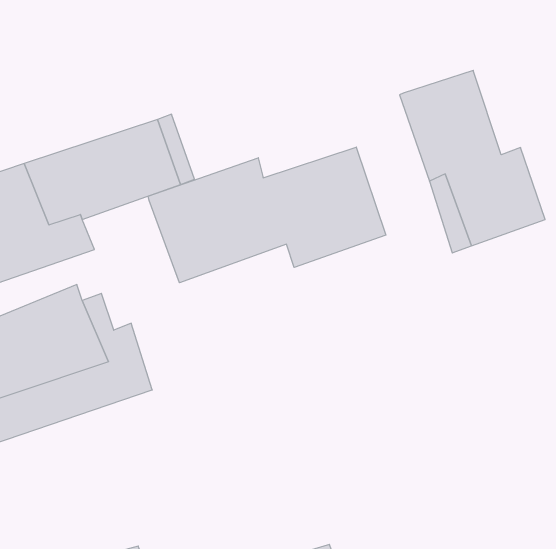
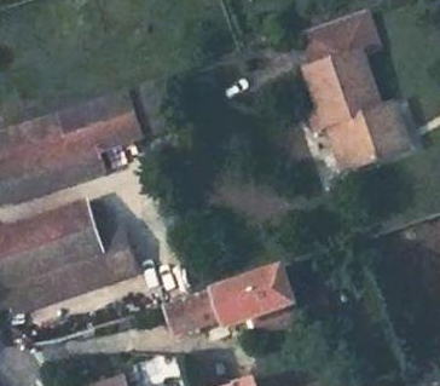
building: none -> [295,11,367,67]
building: [148,147,386,283] -> none
building: none -> [167,263,300,332]

